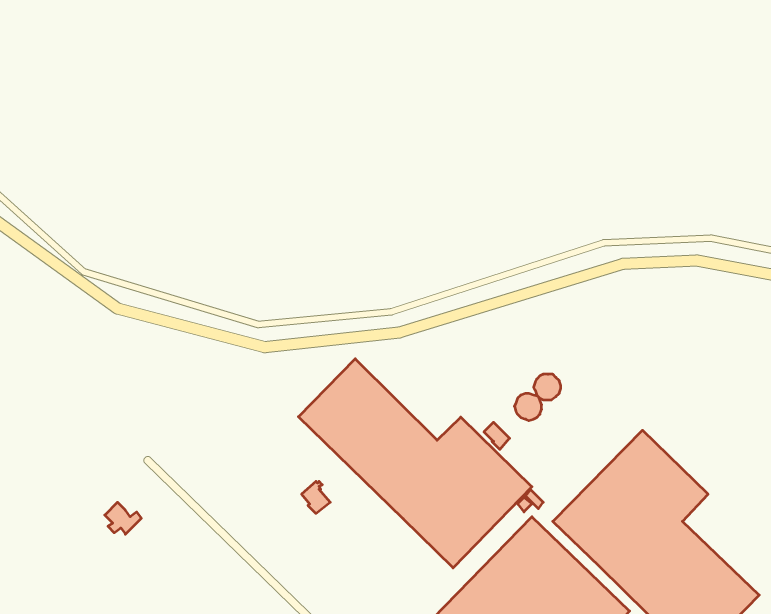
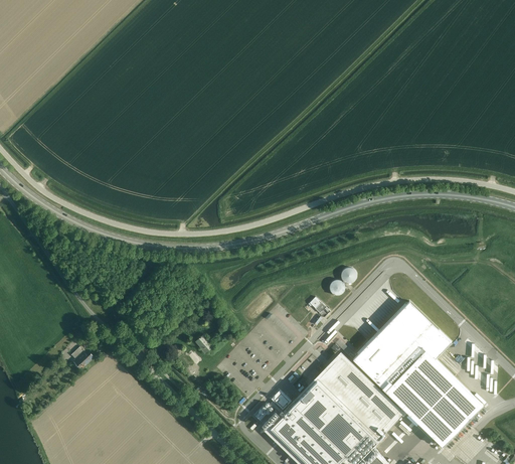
building: [298,359,532,568] -> none

